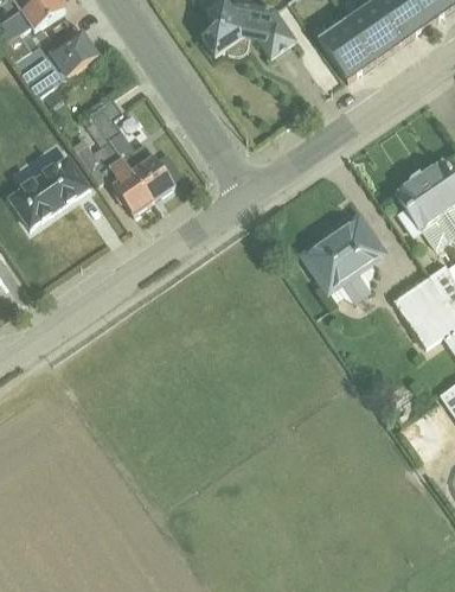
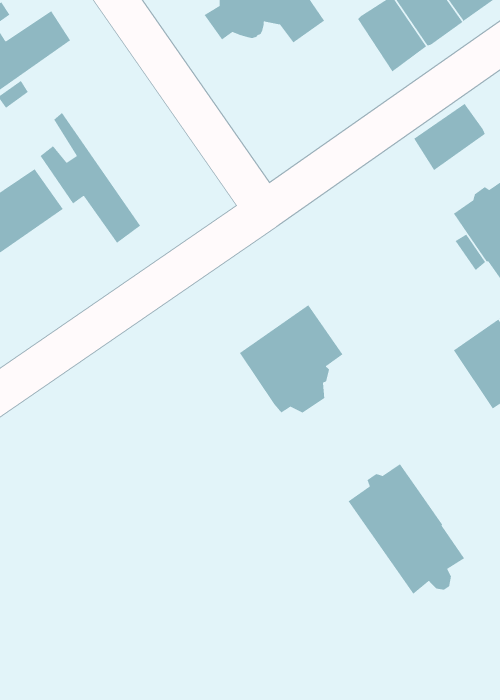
building: [89,95,179,198] -> none
building: none -> [413,103,486,171]
building: [302,214,384,299] -> [239,304,344,414]
building: none -> [348,463,465,595]

